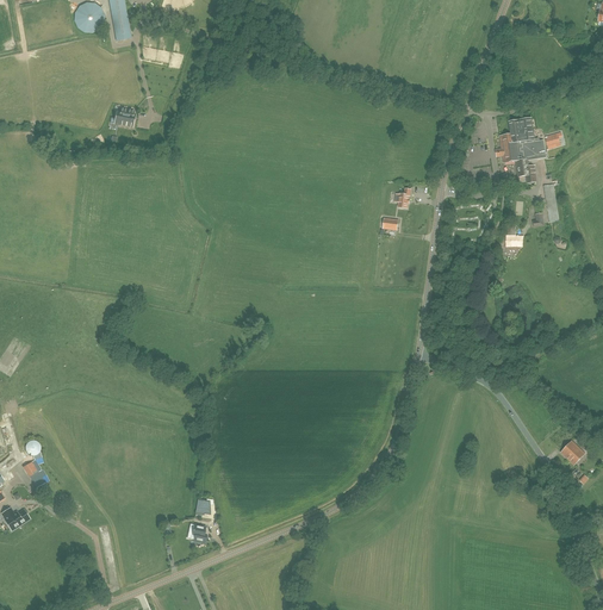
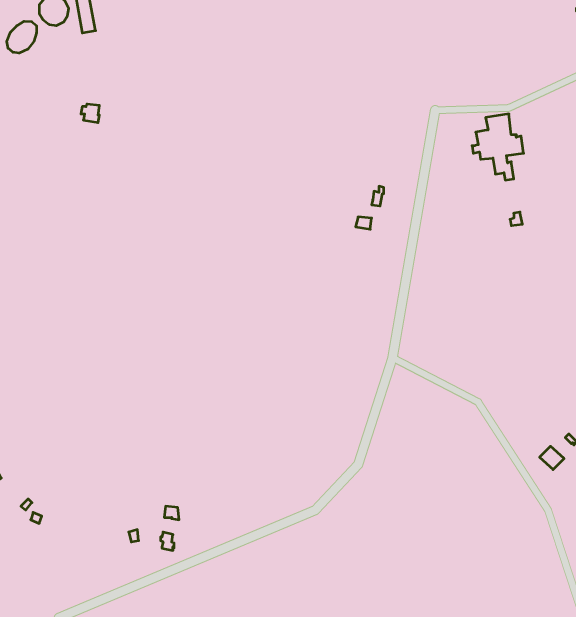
building: none -> [7,21,36,53]

